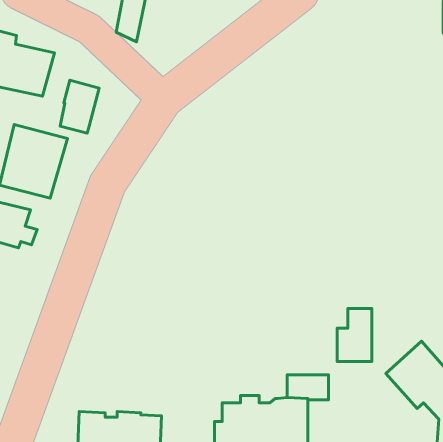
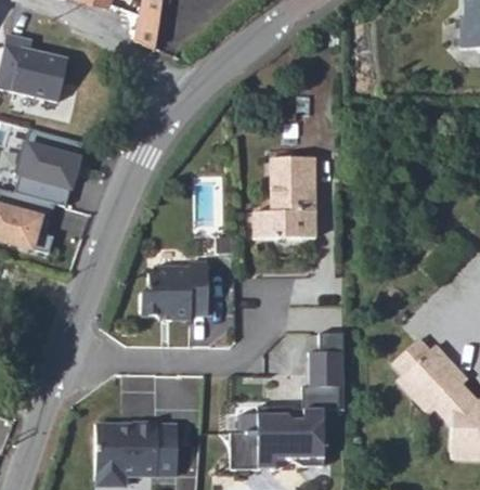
building: [60,80,99,133] -> none
building: none -> [255,152,317,234]
building: none -> [140,260,207,318]
building: [337,309,372,362] -> [310,328,345,382]

